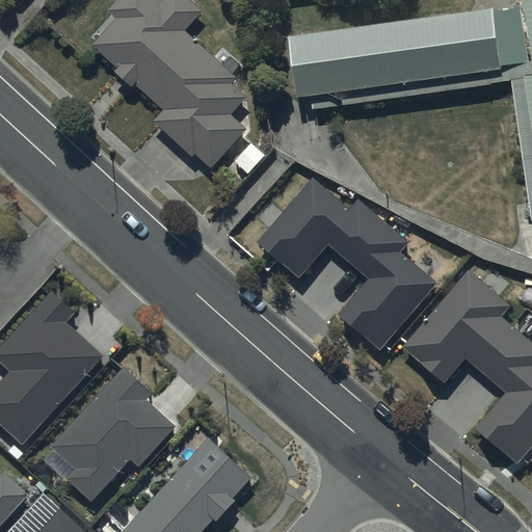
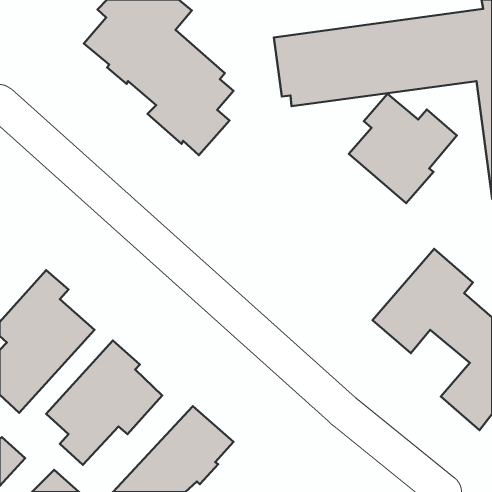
building: none -> [349,94,457,203]
building: [257,177,435,349] -> none

